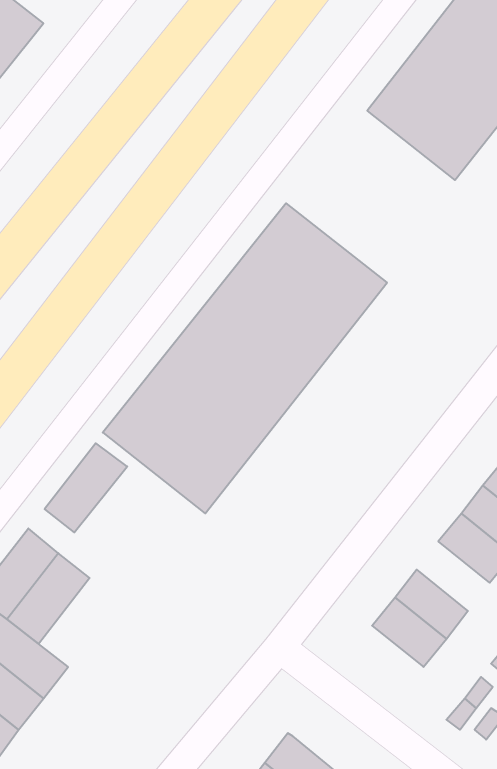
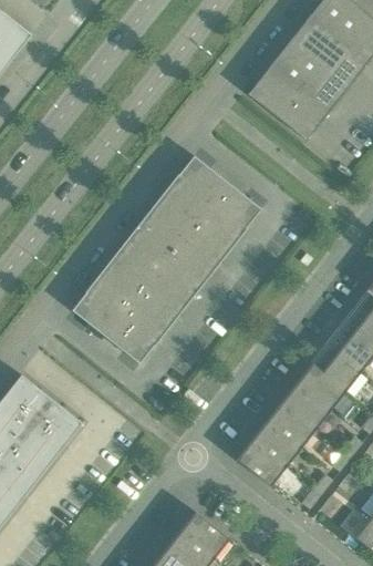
building: [45,443,127,532] -> [27,408,82,467]
building: none -> [280,383,329,430]
building: none -> [235,440,284,486]

